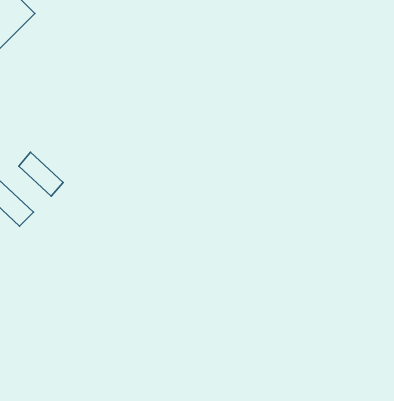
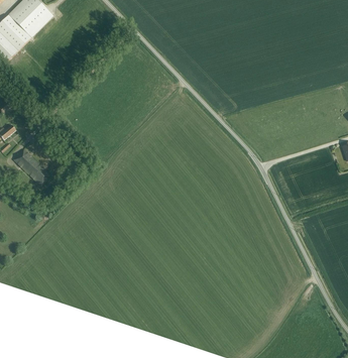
building: [19,152,63,196] -> none

